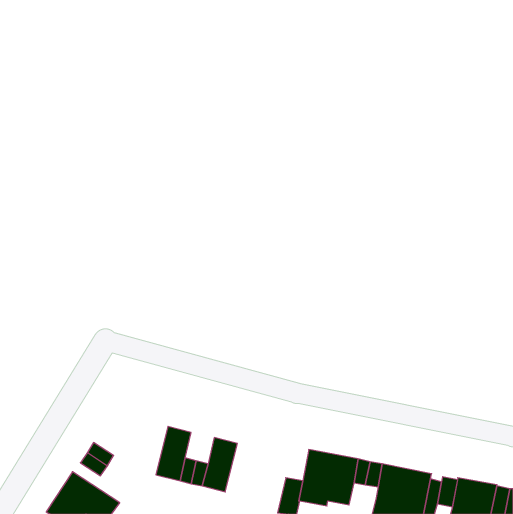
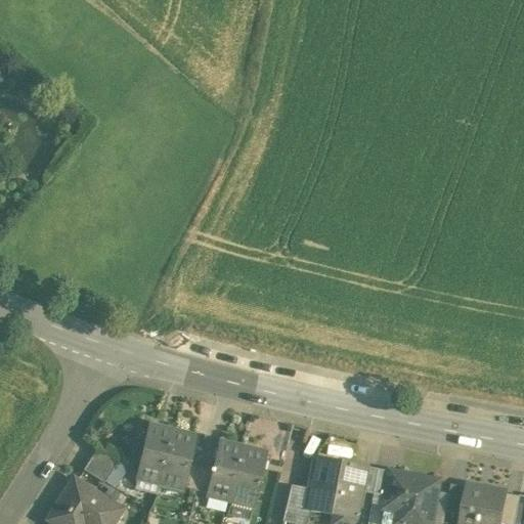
building: none -> [137,429,171,483]
building: none -> [229,451,266,507]

